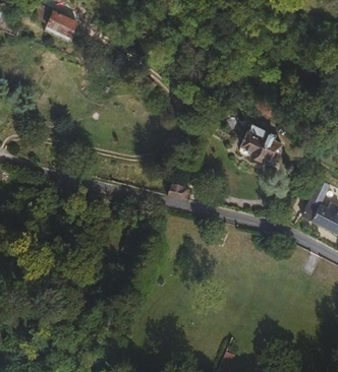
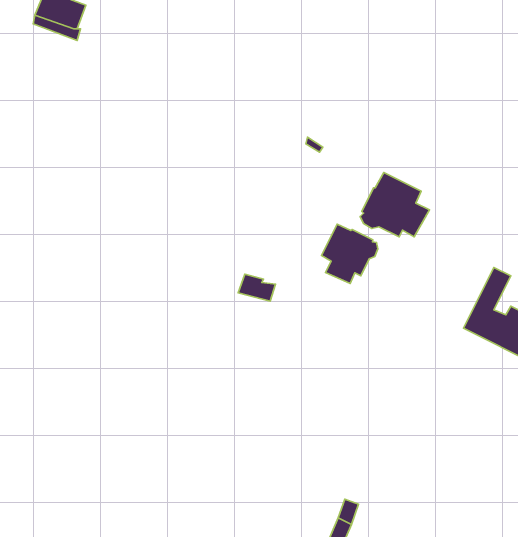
building: none -> [321,224,378,283]

